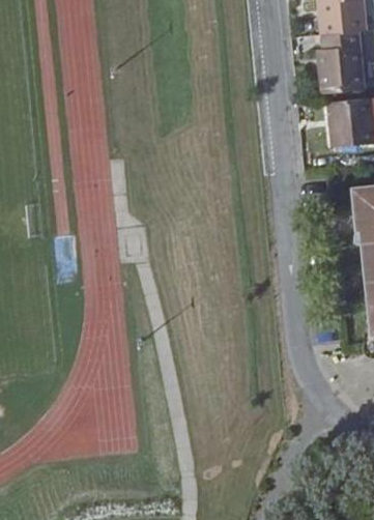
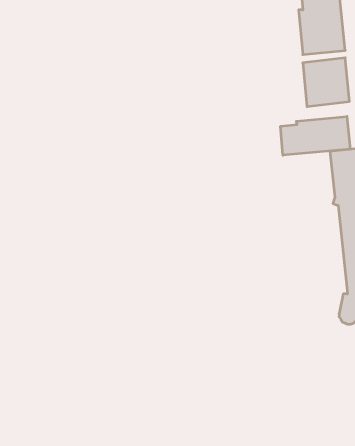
building: none -> [281,116,350,155]

